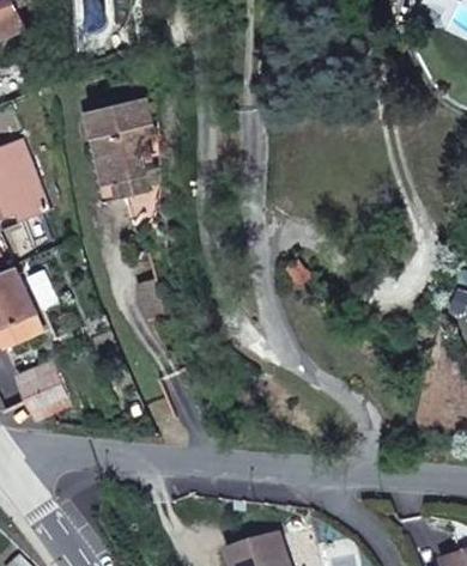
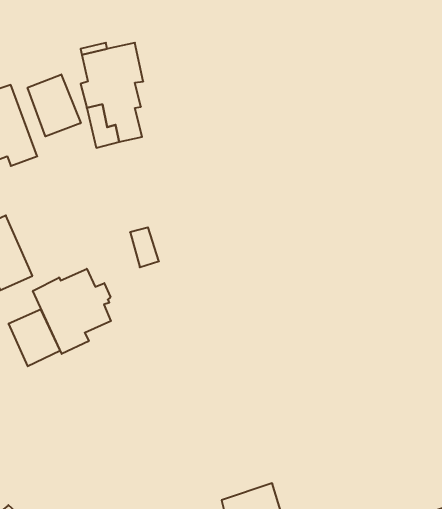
building: none -> [28,74,81,136]
building: none -> [33,269,111,354]

